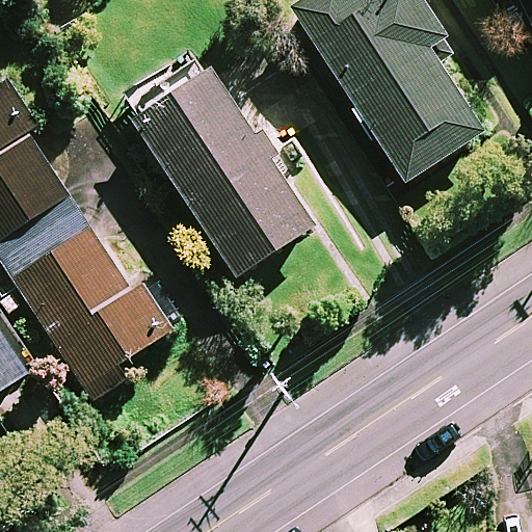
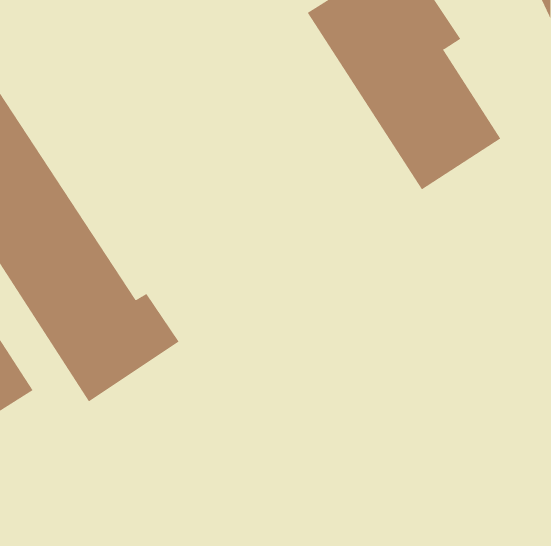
building: [115,45,315,277] -> none

